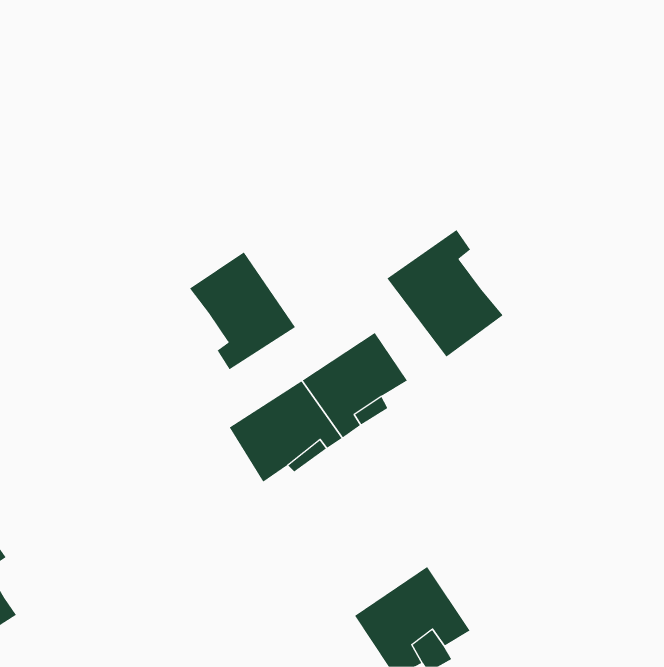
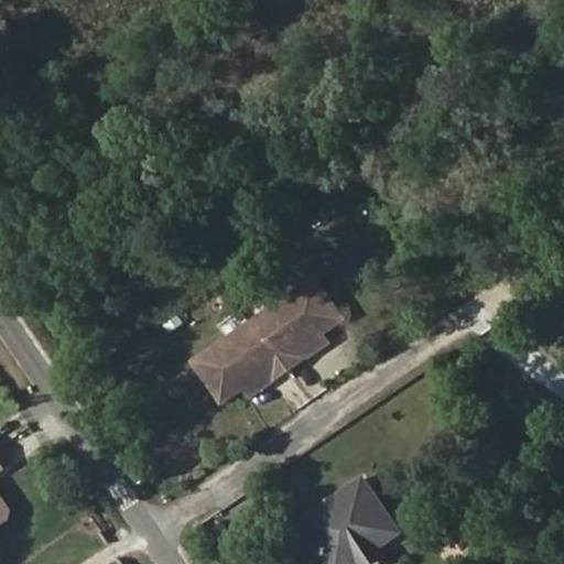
building: [387,229,504,358] -> none
building: [189,252,296,370] -> none

